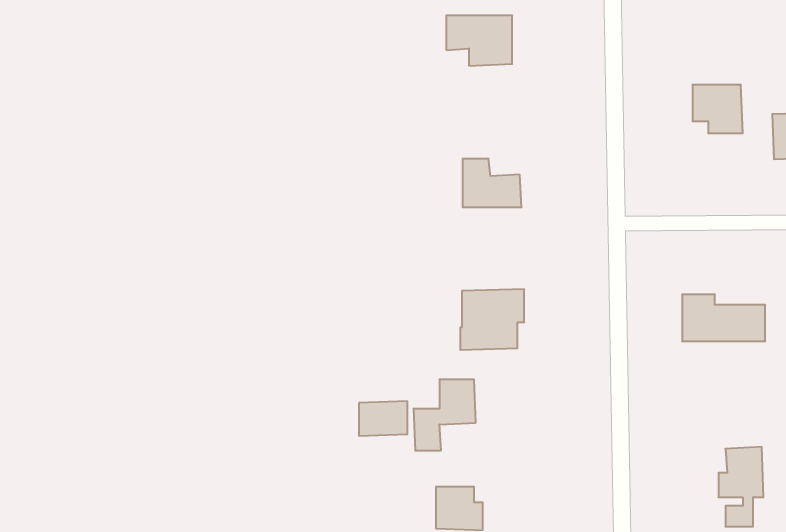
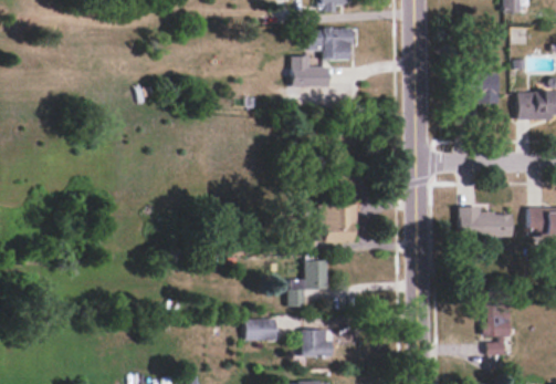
building: [463,159,522,207] -> [292,56,329,87]
building: [359,401,407,436] -> [244,319,275,341]

